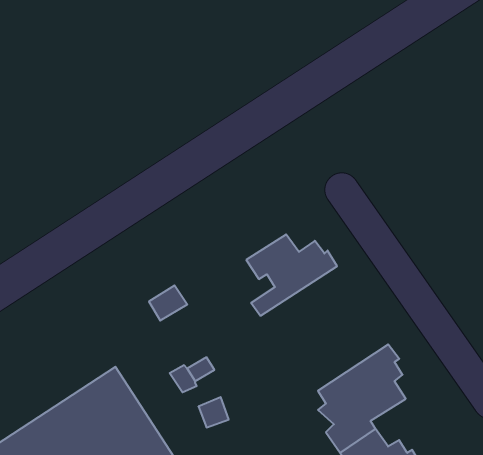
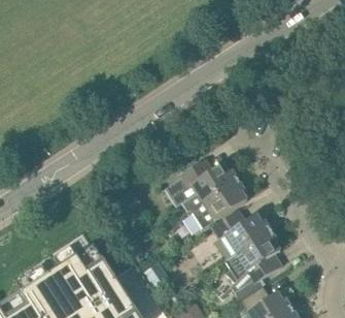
building: none -> [188,180,247,228]
building: none -> [212,211,271,260]

